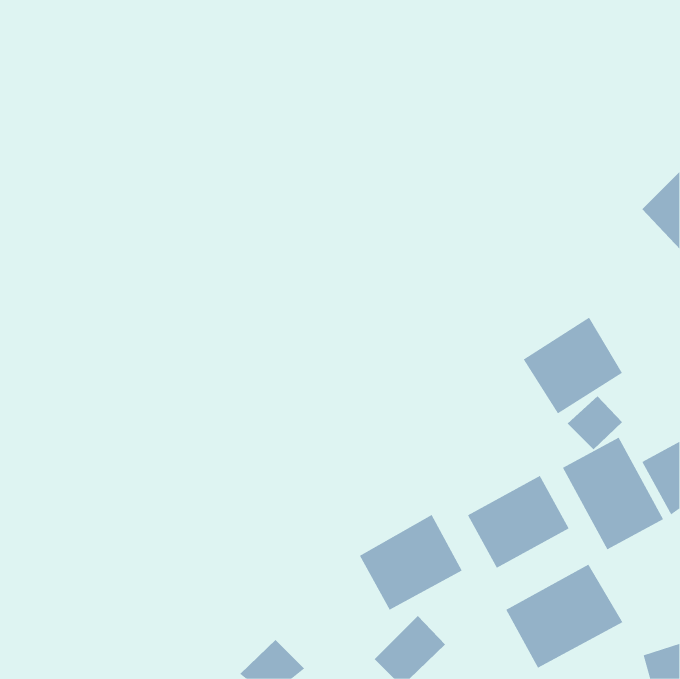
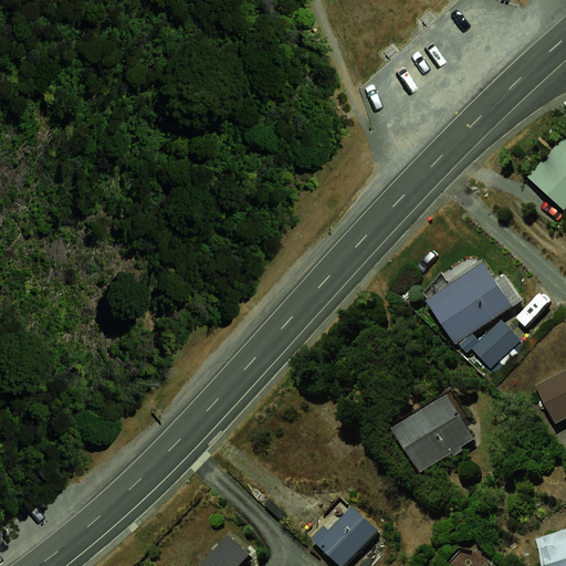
building: [562,437,664,550] -> none
building: [359,514,462,611] -> none
building: [506,564,623,669] -> none

